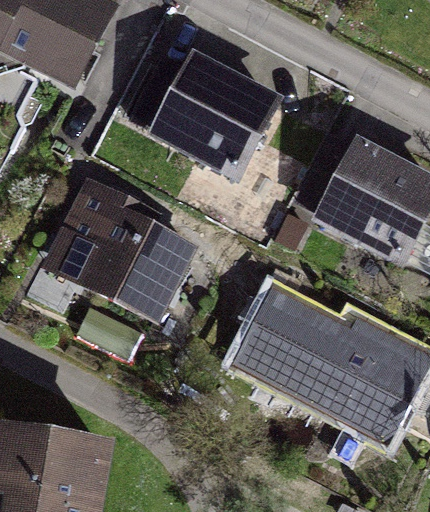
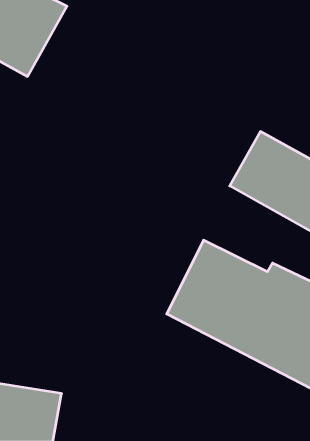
building: [134,63,269,179] -> none
building: [48,188,189,322] -> none

